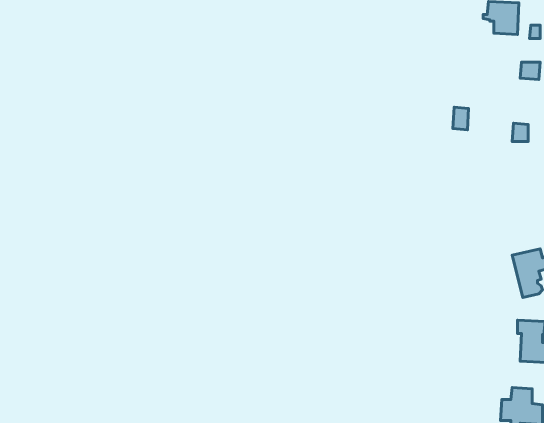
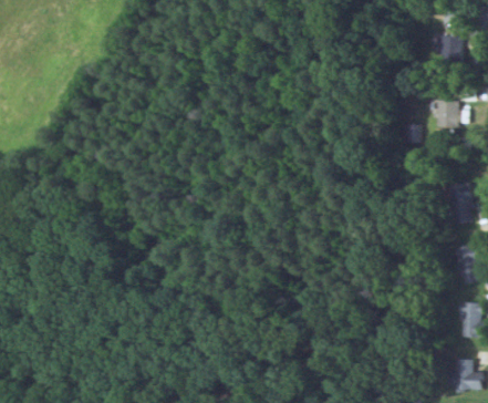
building: none -> [434,101,458,127]
building: none -> [447,183,473,225]

